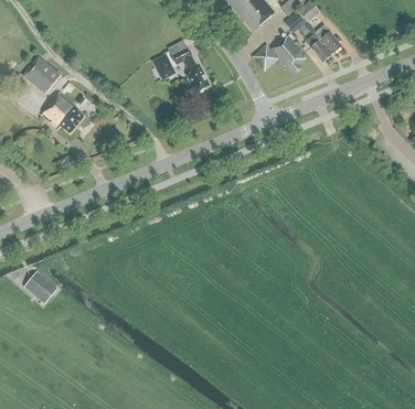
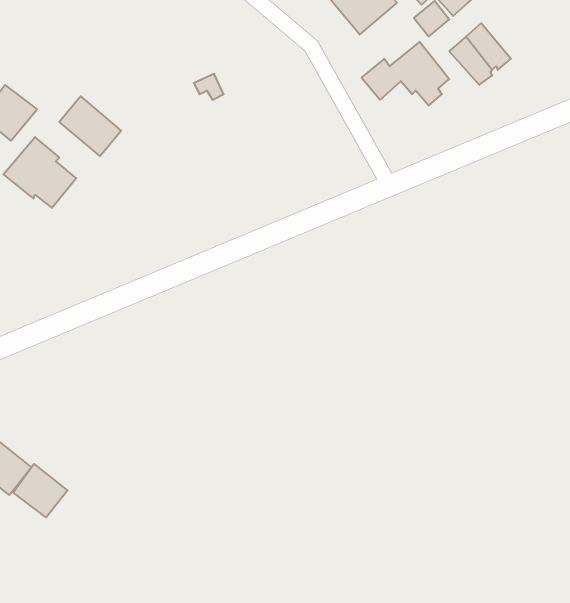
building: [171,46,206,92] -> none
building: none -> [59,96,121,156]
building: none -> [13,464,68,517]

